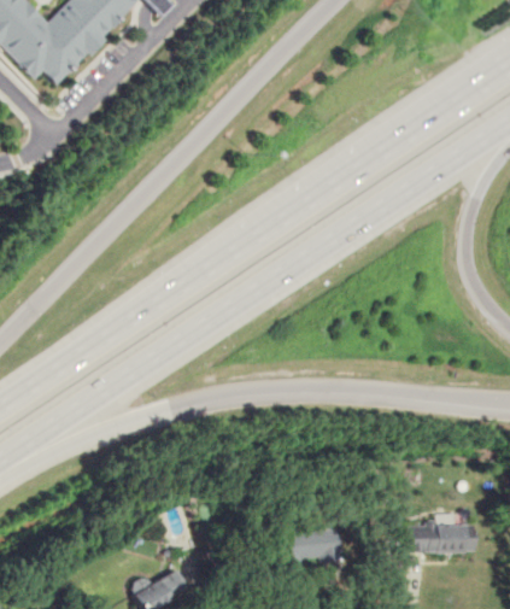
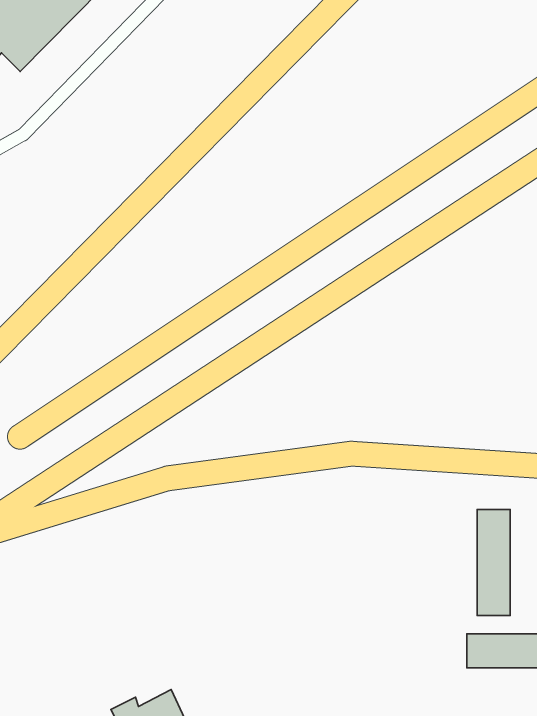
building: none -> [477,509,510,615]
building: [289,529,339,561] -> none

